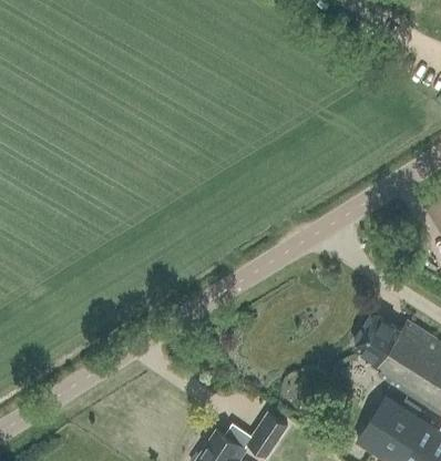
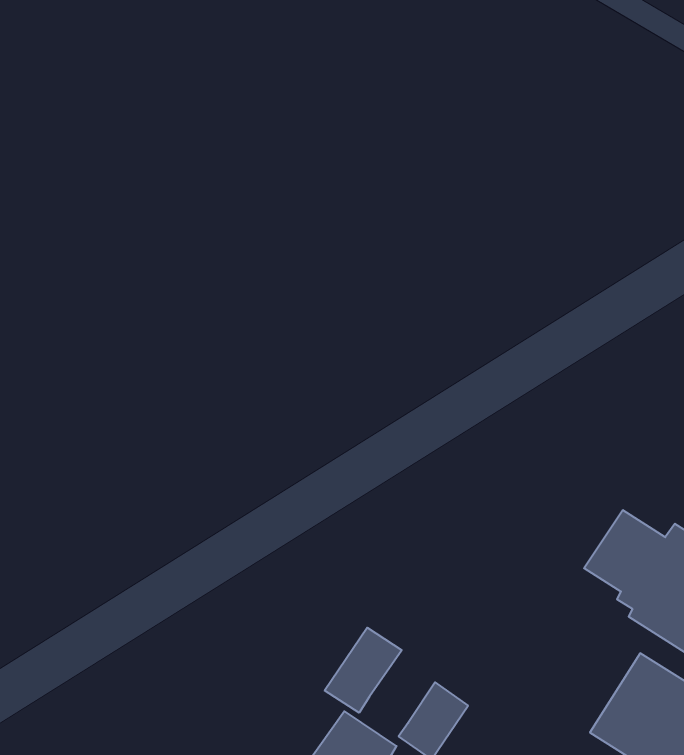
building: none -> [325,628,402,713]

